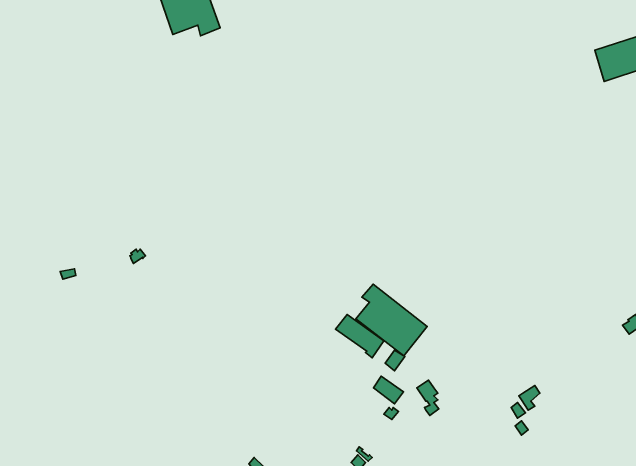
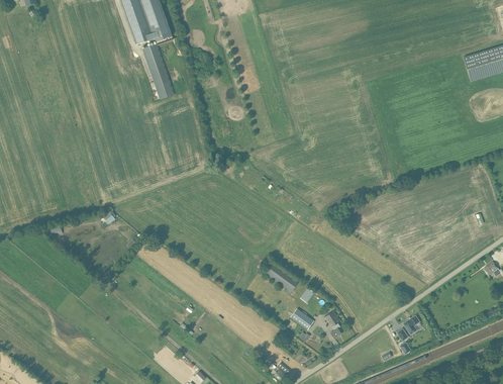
building: none -> [142,43,175,99]
building: [356,284,427,356] -> none

